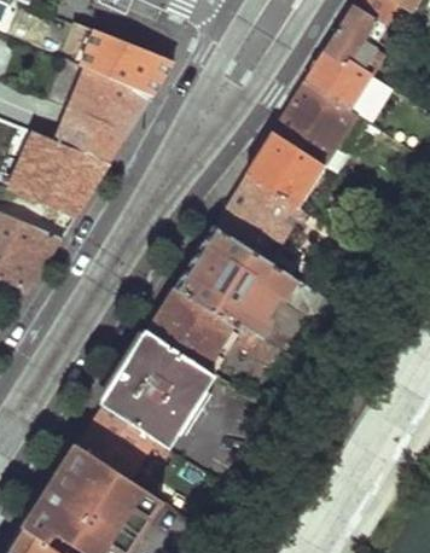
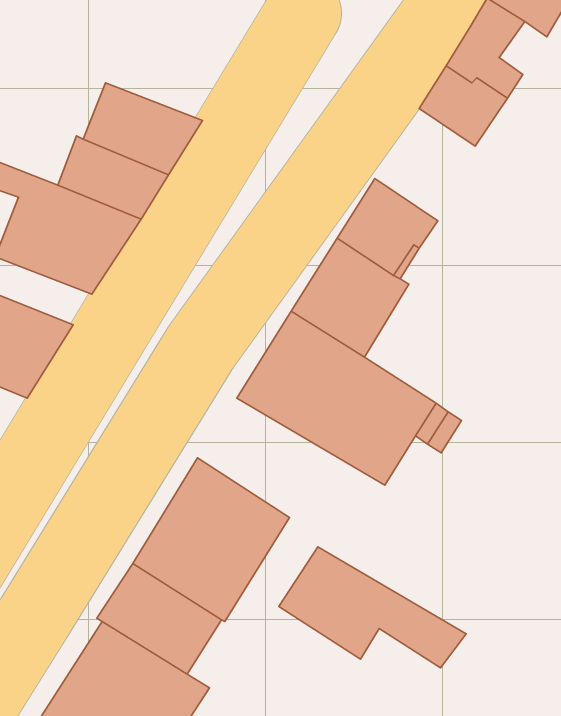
building: [82,33,170,93] -> none
building: [273,85,350,164] -> none
building: [147,290,280,376] -> [279,547,466,668]

